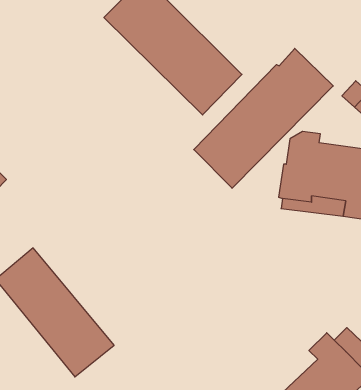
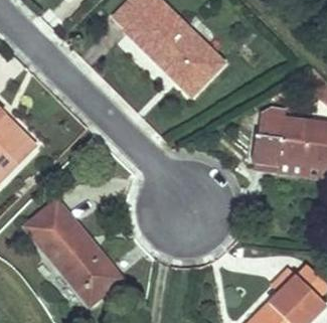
building: [194,48,333,188] -> none

